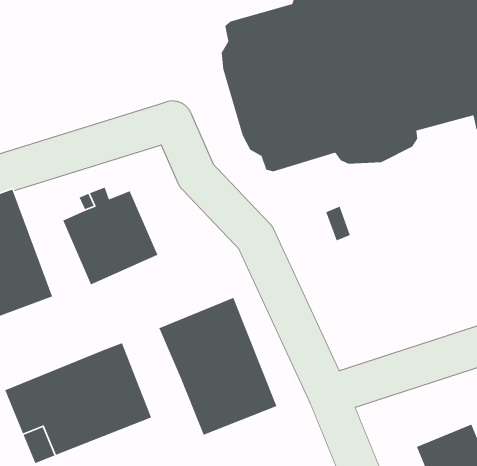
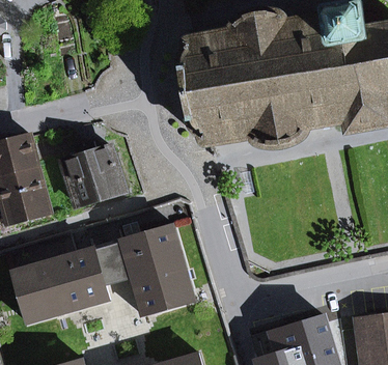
building: none -> [95,244,131,285]

